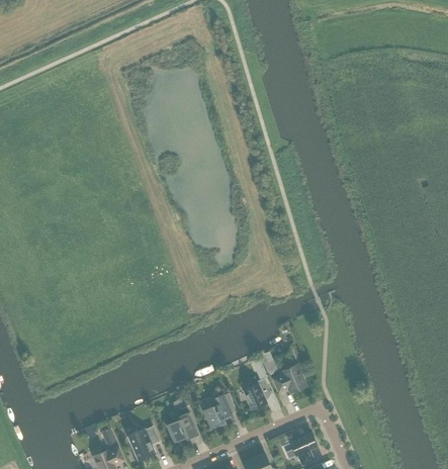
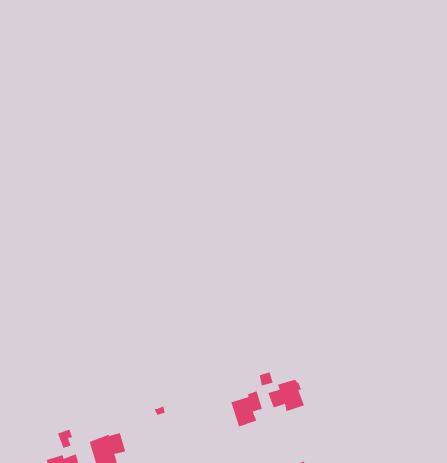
building: [203,395,232,429] -> none
building: [167,412,198,442] -> none

